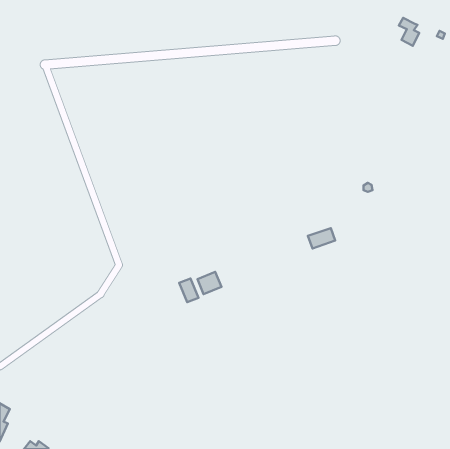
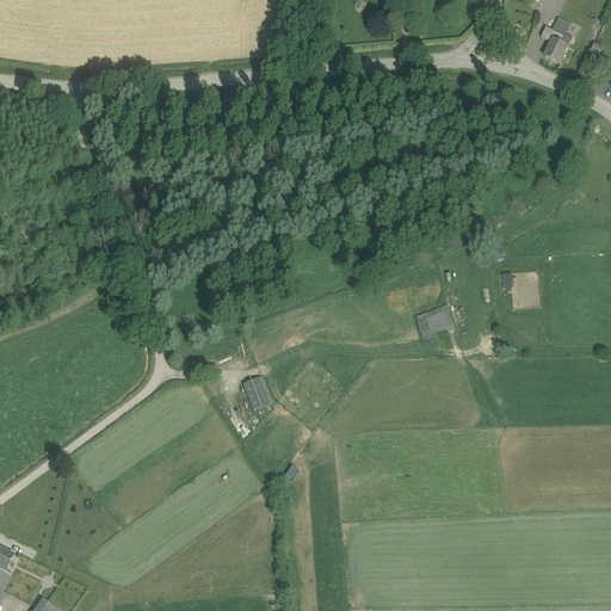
building: [197,272,221,294] -> none

